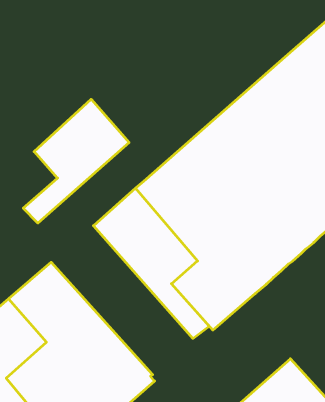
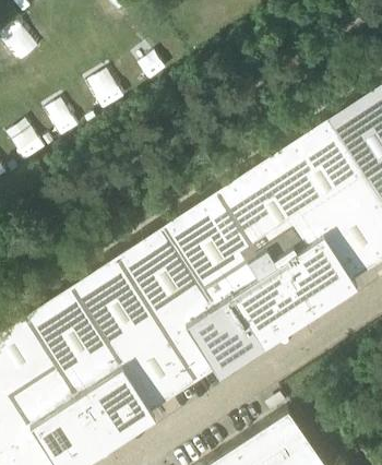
building: [23,99,129,223] -> none
building: none -> [70,260,196,412]

